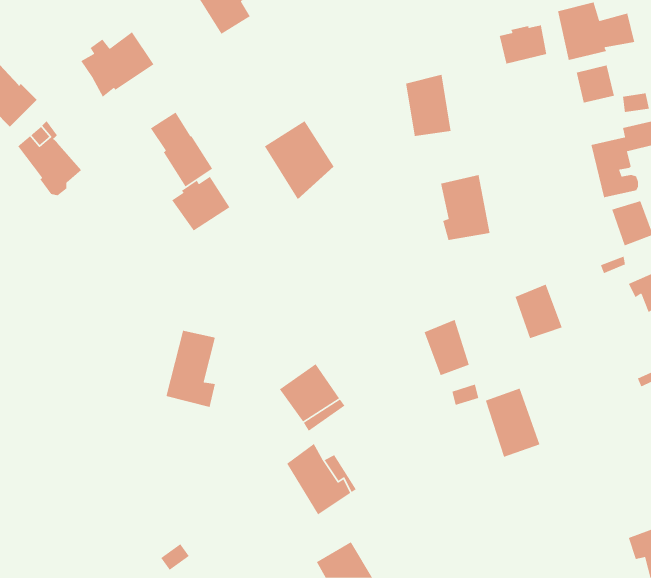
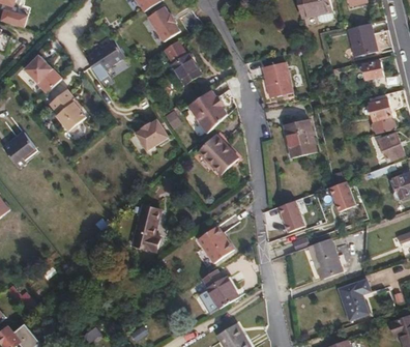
building: [499,24,547,64] -> none
building: [150,111,213,187] -> [165,38,200,81]
building: none -> [198,131,236,174]
building: none -> [338,280,370,319]

